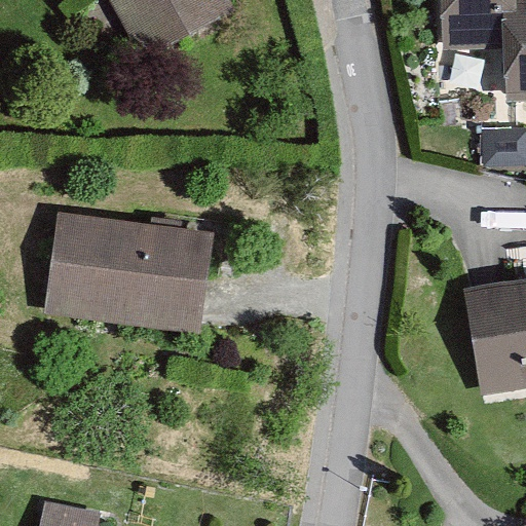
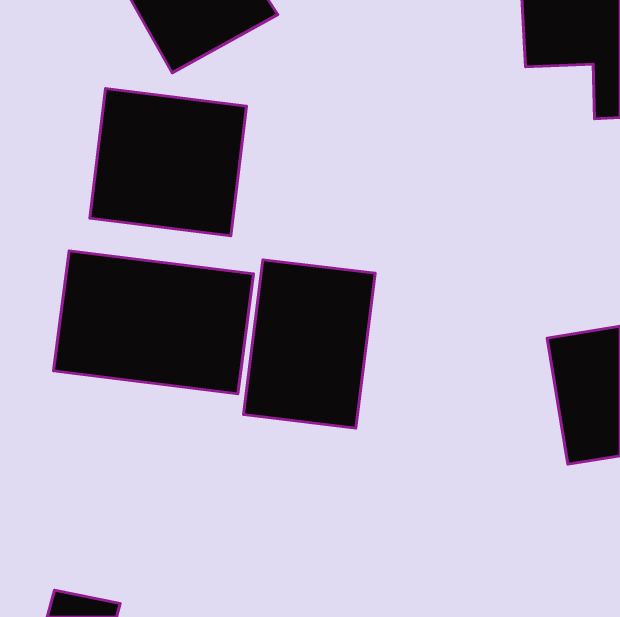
building: none -> [90,89,247,236]
building: none -> [243,260,375,428]

